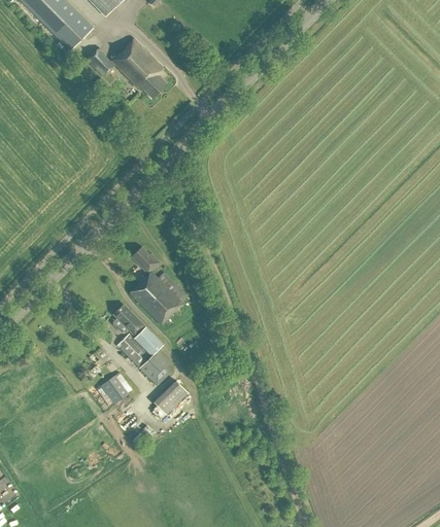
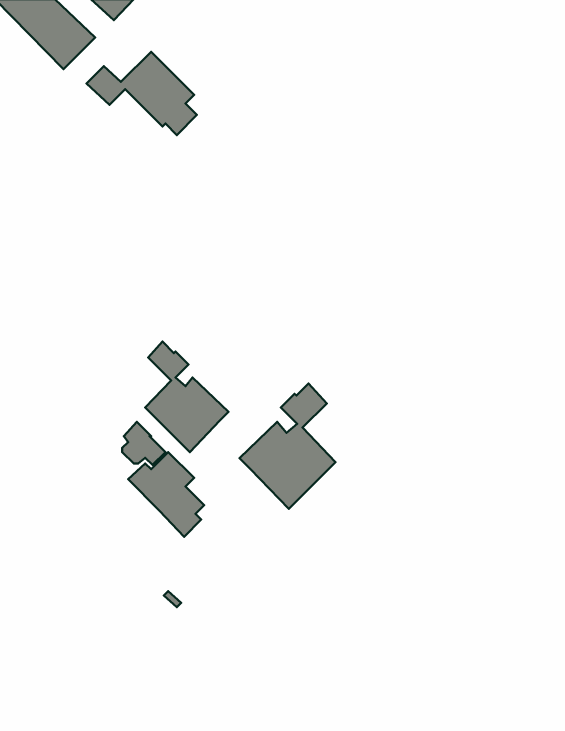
building: none -> [239,383,336,509]
building: [100,373,131,403] -> none
building: [153,380,187,414] -> none

